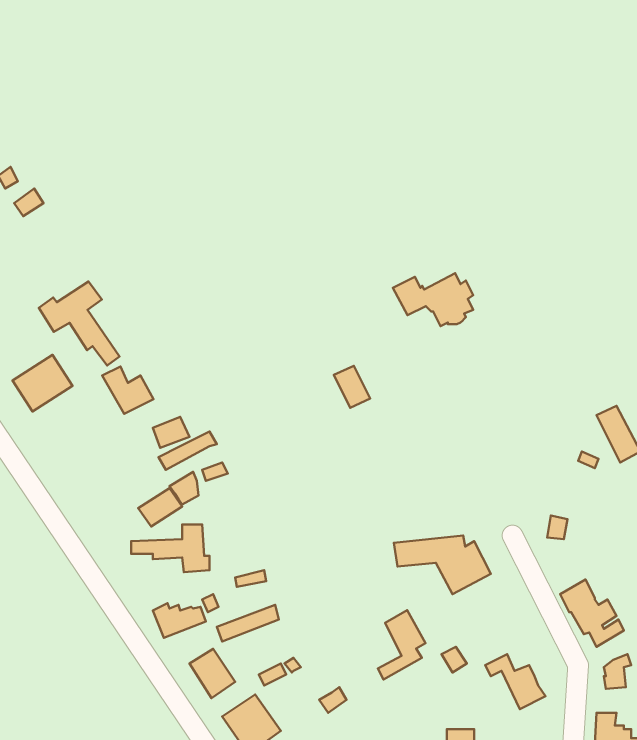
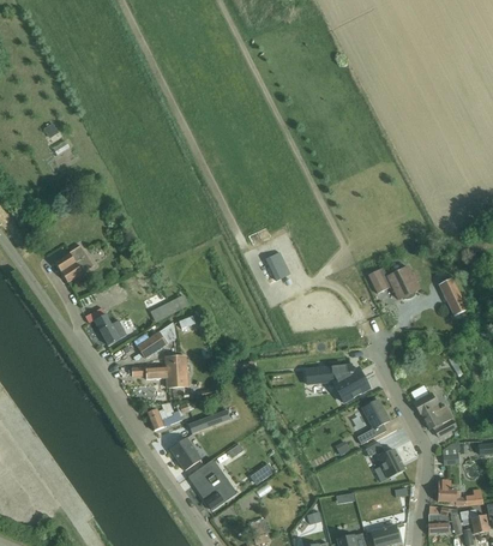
building: [393,273,473,326] -> [367,265,420,300]
building: [39,282,120,366] -> none
building: [102,366,153,414] -> [94,313,127,344]
building: [378,610,425,680] -> [357,398,389,444]

